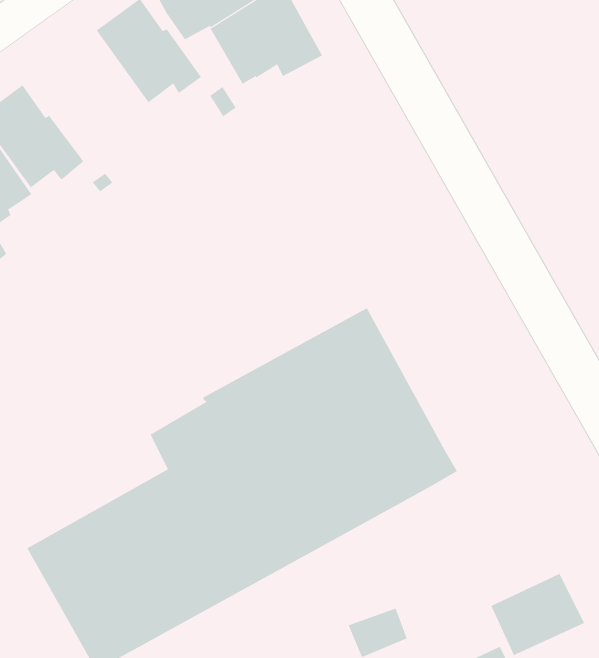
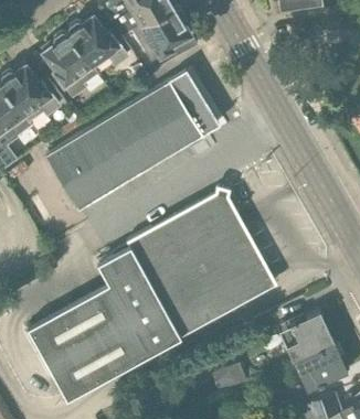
building: none -> [43,32,99,98]
building: none -> [47,72,220,211]
building: none -> [277,311,335,362]

